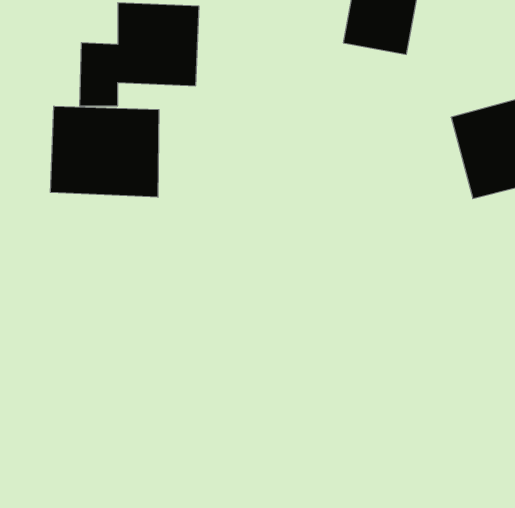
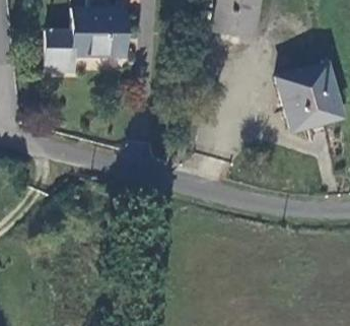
building: [50,106,159,197] -> none

